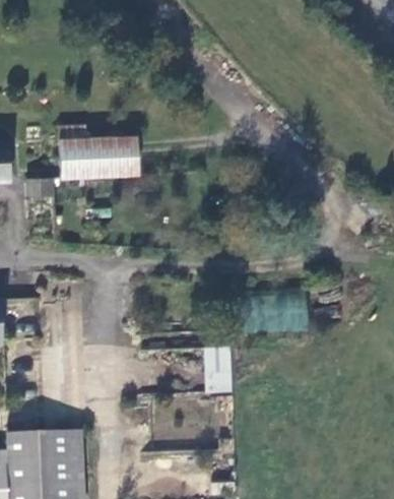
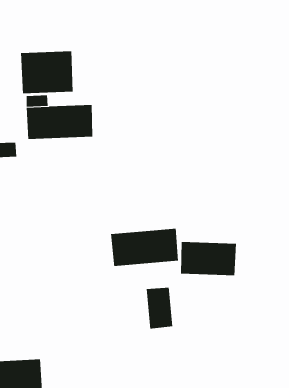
building: none -> [21,50,73,94]
building: none -> [111,228,179,267]

